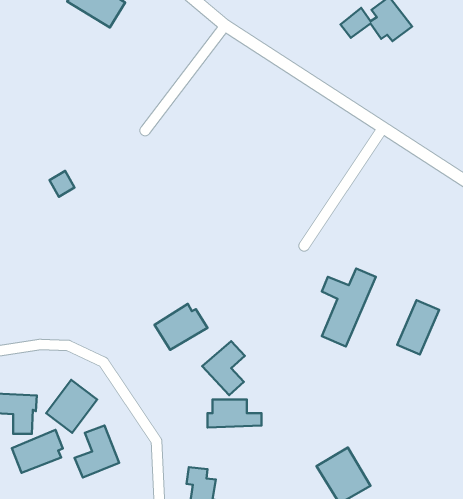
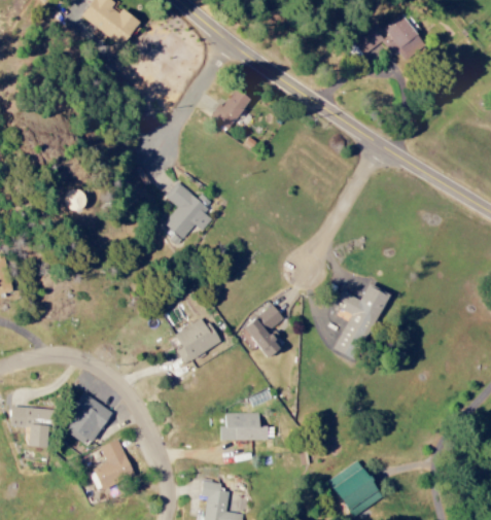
building: none -> [211,88,251,130]
building: none -> [165,181,213,246]
building: [397,300,439,354] -> none
building: [202,341,245,395] -> [243,304,285,357]
building: [12,430,63,473] -> none

